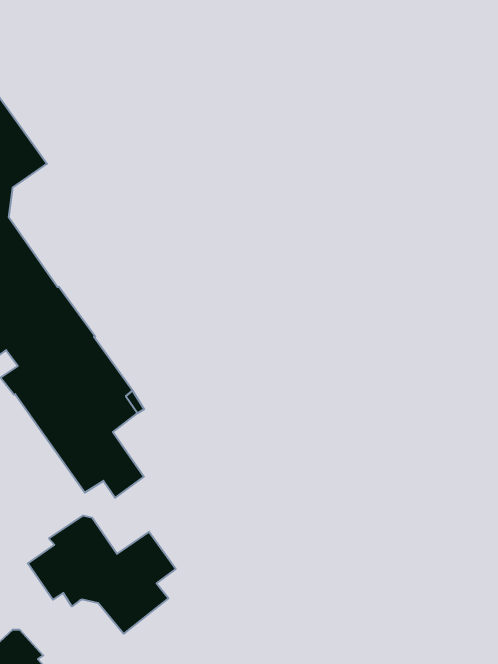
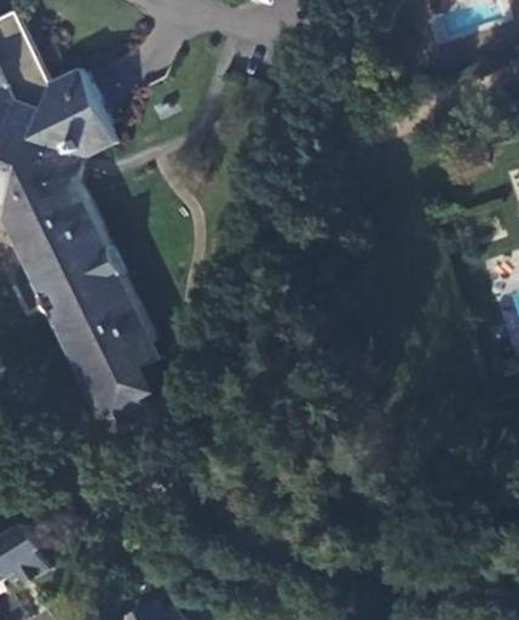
building: [28,516,176,634] -> none

